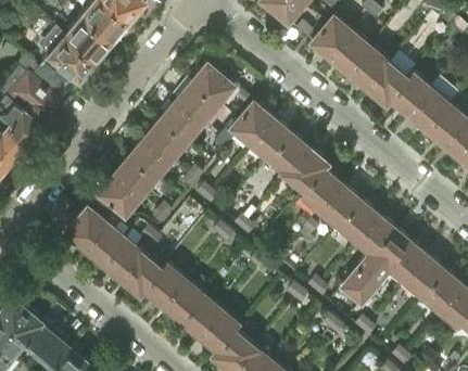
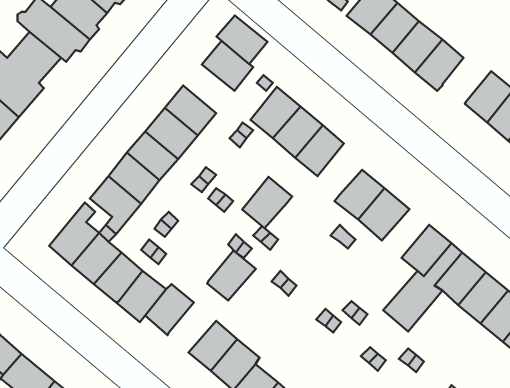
building: [390,72,430,115] -> none
building: [176,82,218,123] -> [216,15,268,64]
building: [287,148,328,190] -> [242,177,292,228]
building: [340,202,379,242] -> none
building: [163,279,203,320] -> [207,251,256,300]

